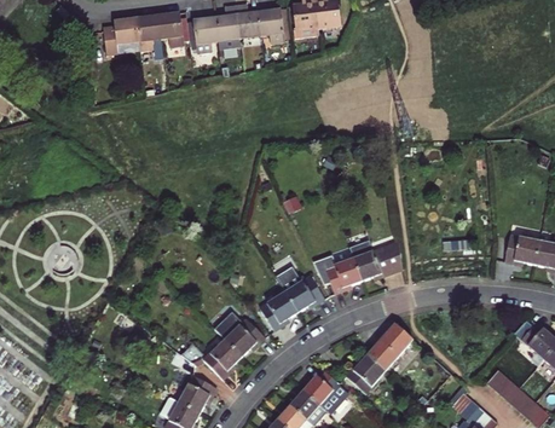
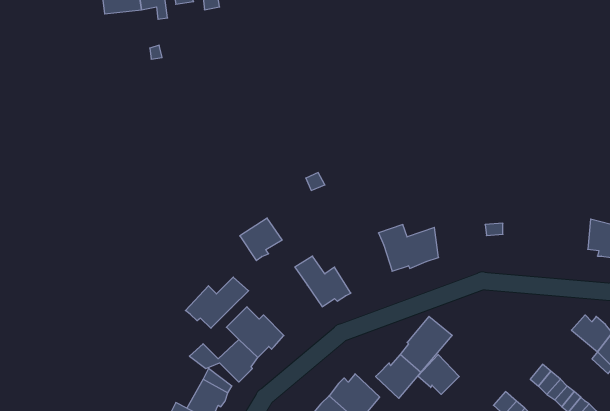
building: [504,232,534,265] -> none
building: [310,256,359,295] -> none
building: none -> [185,277,249,328]
building: [260,294,297,331] -> [240,218,282,261]
building: none -> [418,354,459,394]

